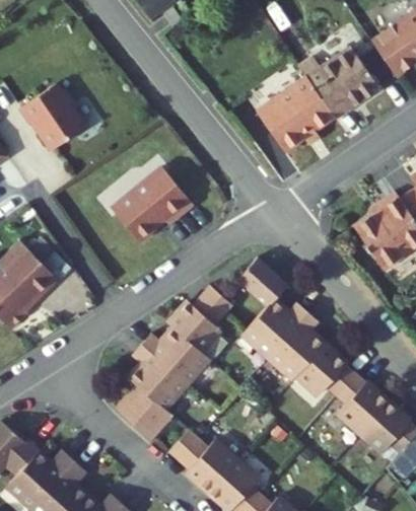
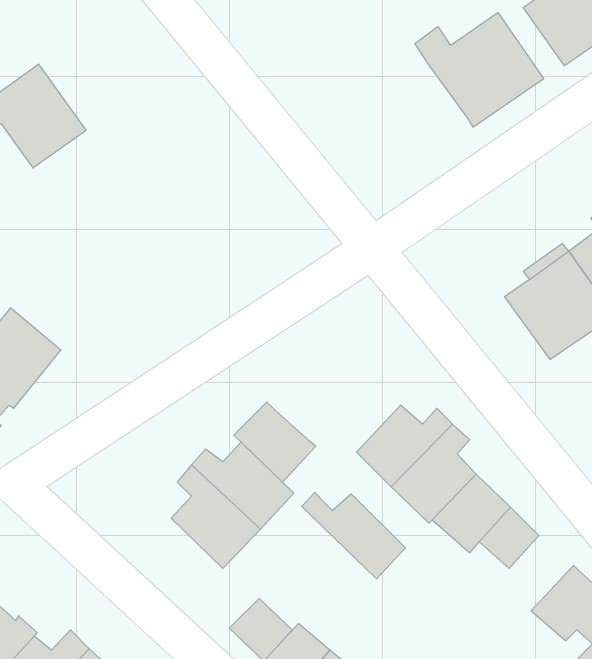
building: [249,82,325,153] -> none
building: [107,170,189,243] -> none
building: [244,260,295,309] -> none
building: [200,287,240,326] -> none
building: none -> [302,492,405,579]
building: [118,382,175,437] -> none
building: [345,386,393,436] -> none

